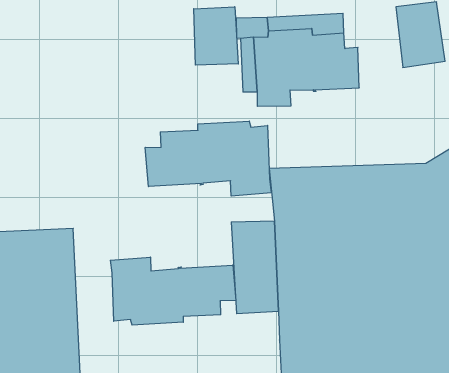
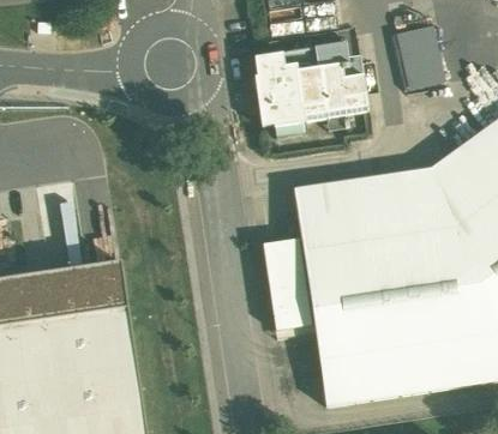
building: [194,7,238,65] -> none
building: [145,121,271,196] -> none
building: [110,257,236,325] -> none

